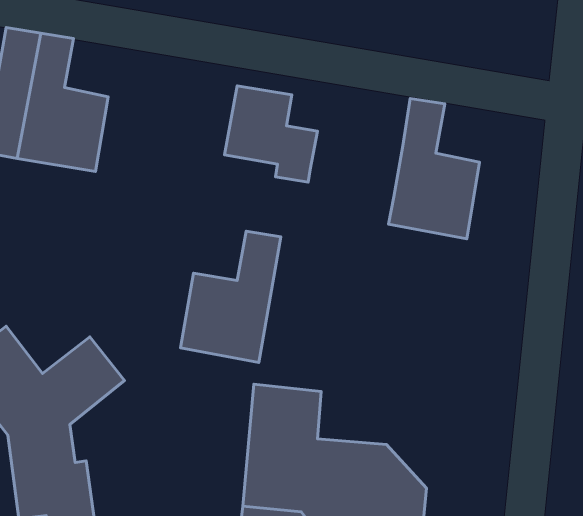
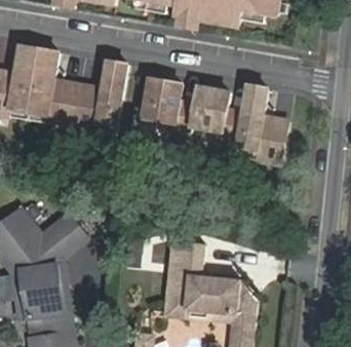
building: none -> [192,83,244,138]
building: [181,231,281,362] -> [71,57,127,131]

